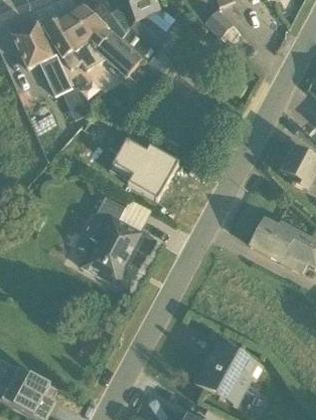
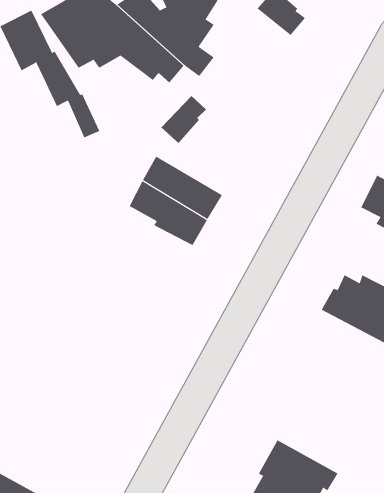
building: none -> [160,95,207,144]
building: [74,197,143,282] -> none

